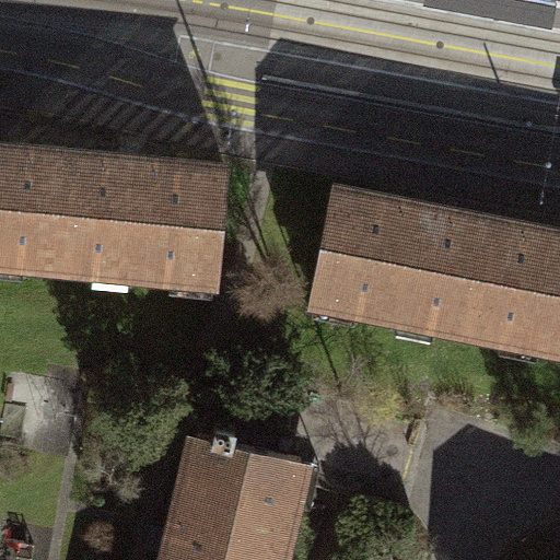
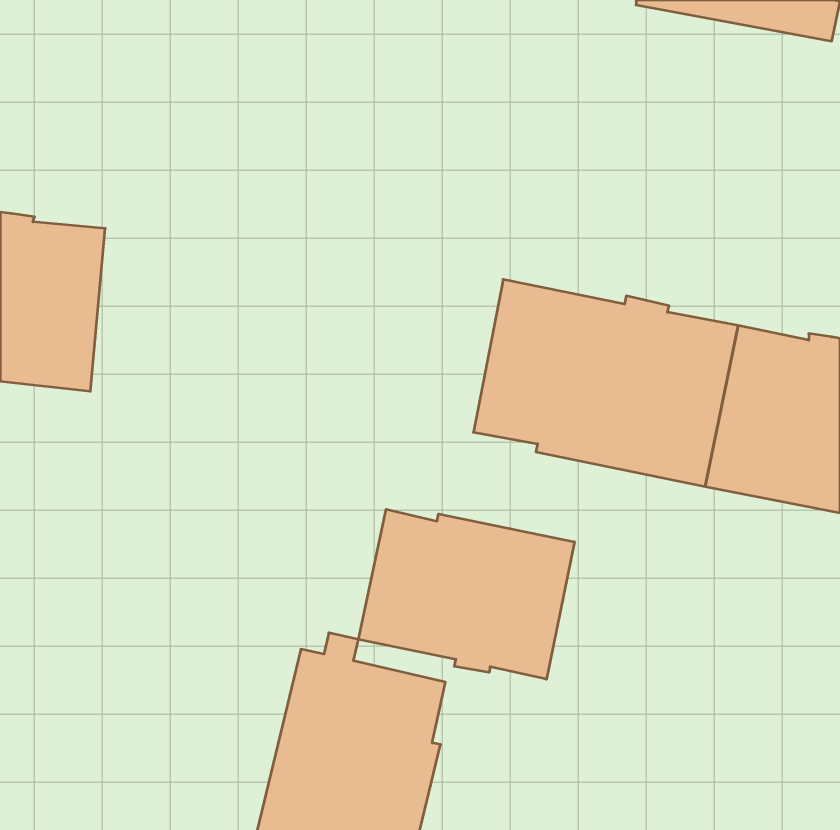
building: [60,159,229,277] -> none
building: none -> [358,509,574,679]

